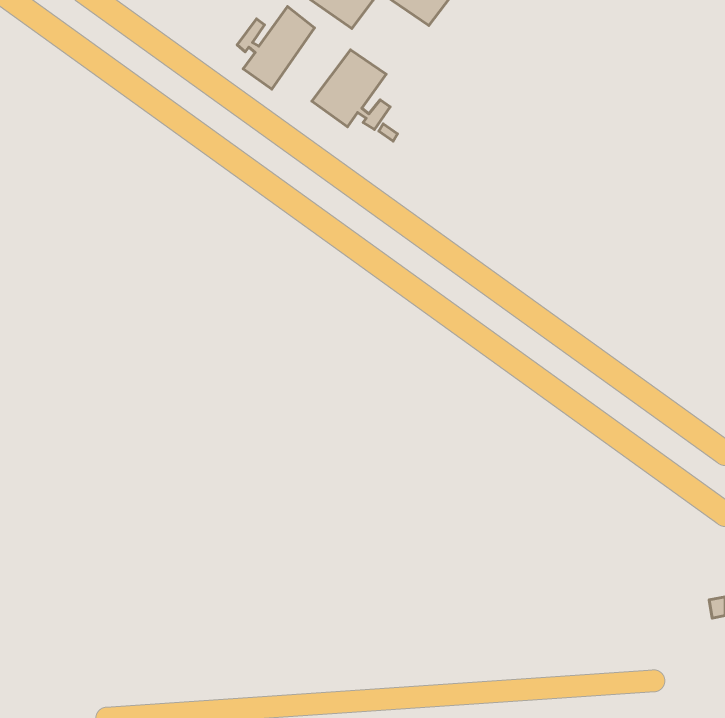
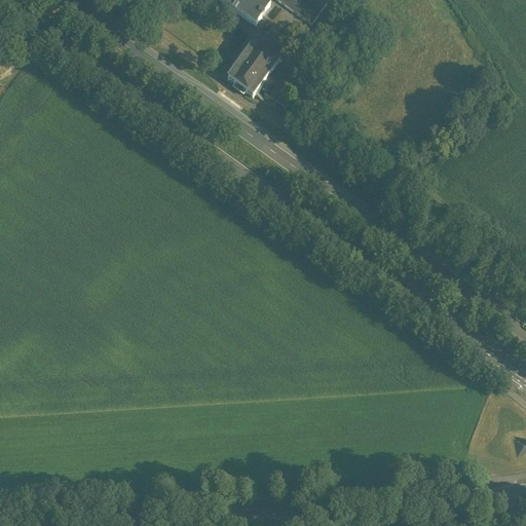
building: [237,7,315,89] -> none

